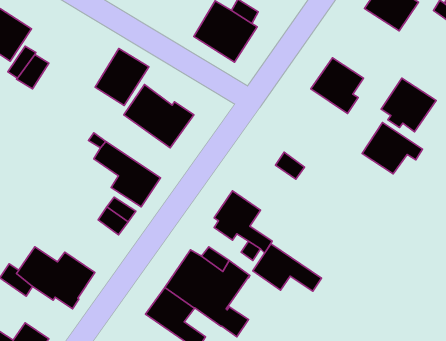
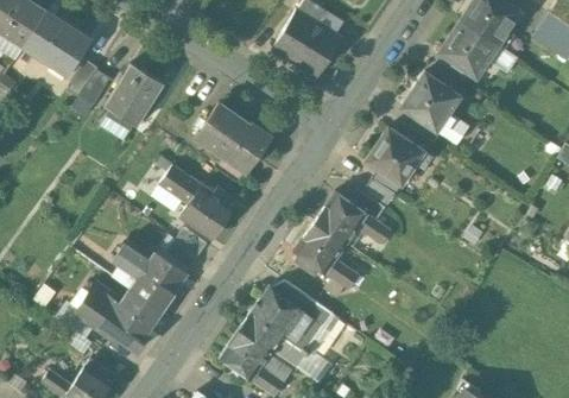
building: [95,49,149,105] -> [106,64,165,127]
building: [381,78,436,132] -> [438,19,499,78]
building: [362,122,422,174] -> [366,127,432,184]
building: none -> [113,242,189,311]
building: [253,244,321,291] -> [315,191,391,244]

